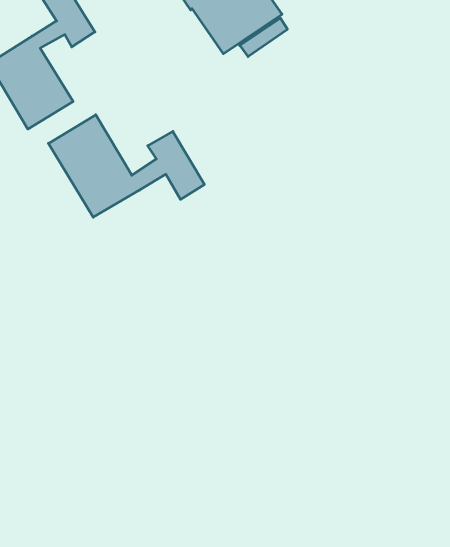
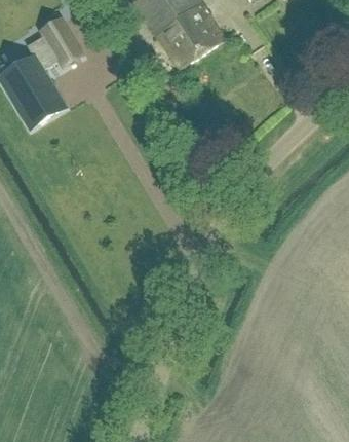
building: [48,115,204,217] -> none

